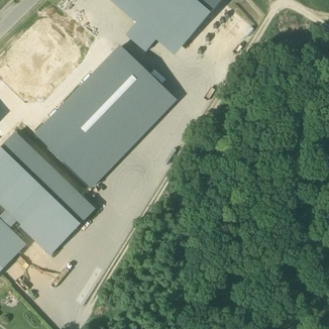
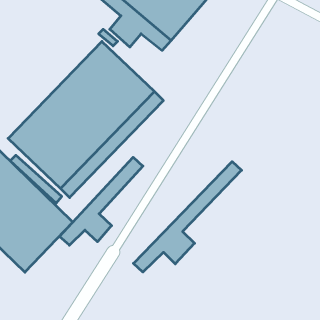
building: none -> [60,157,143,245]
building: none -> [133,162,242,272]

